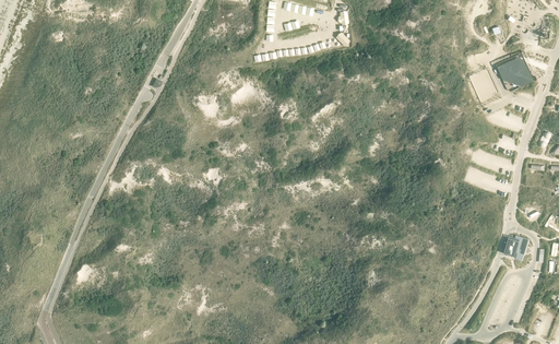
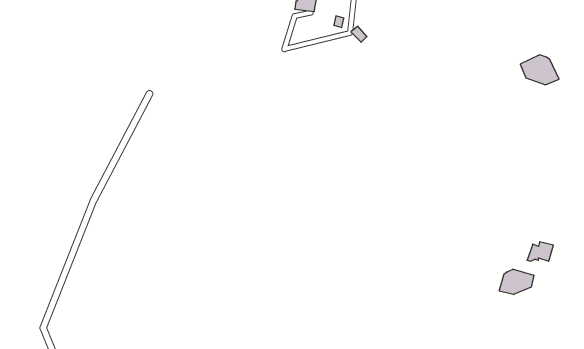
building: none -> [499,269,534,295]

